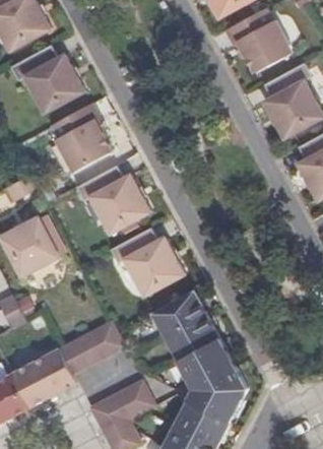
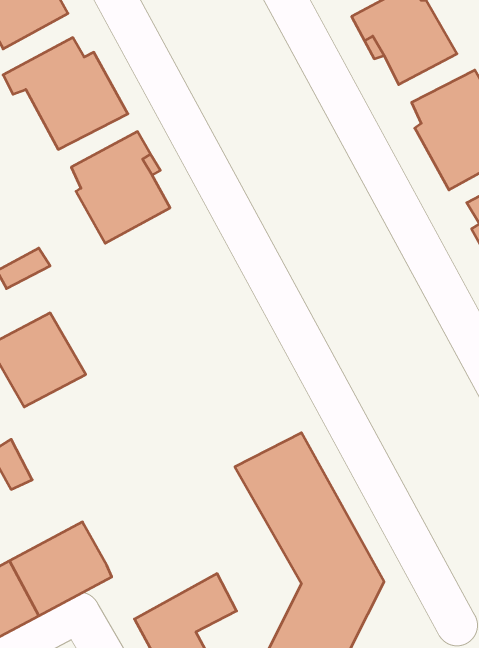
building: [71,165,151,236] -> none
building: [110,230,185,296] -> none
building: [58,322,124,375] -> none

